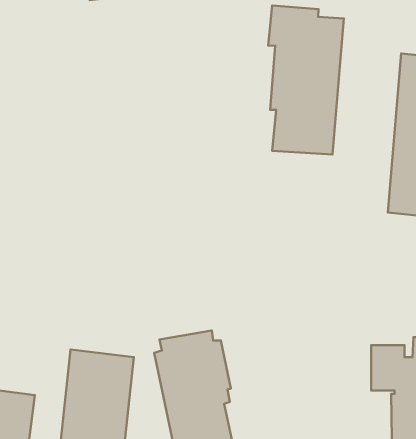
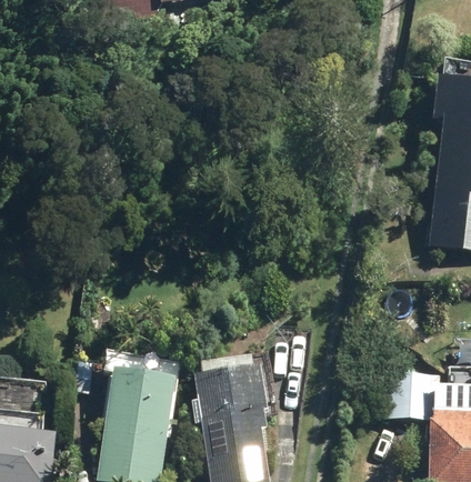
building: [268,6,344,155] -> none

